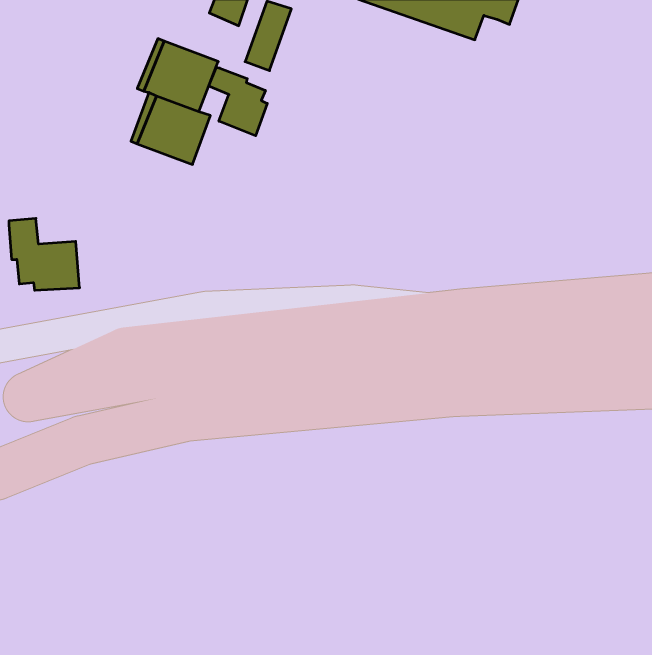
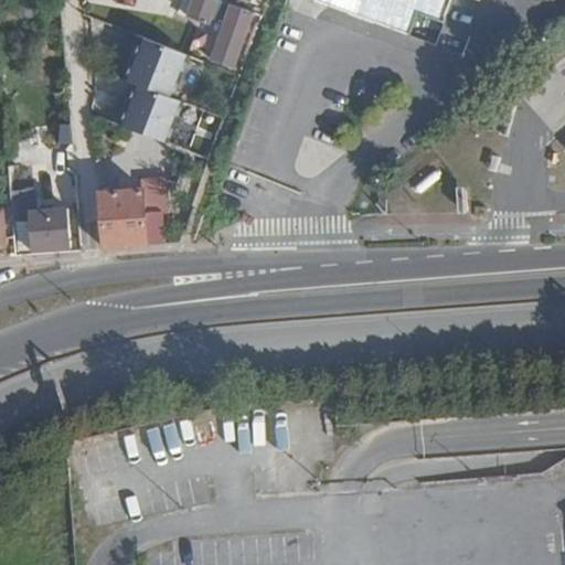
building: [209,67,267,136] -> none
building: none -> [97,178,164,244]

